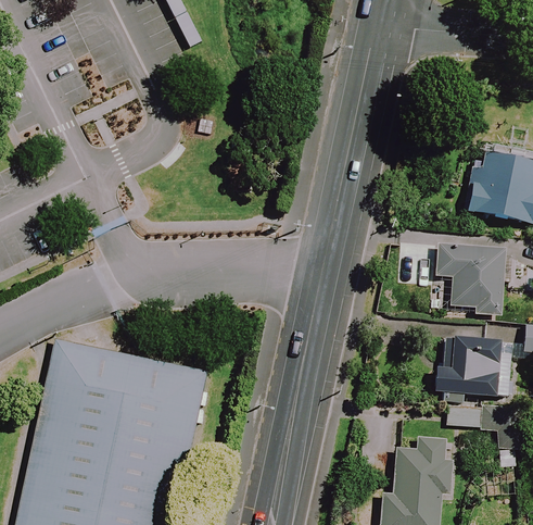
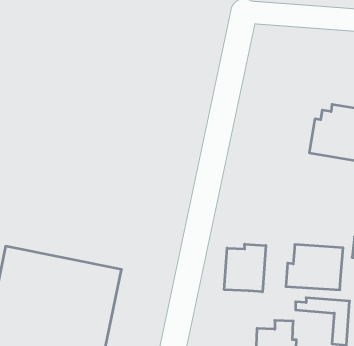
building: [433,245,515,315] -> none
building: none -> [224,244,266,292]

